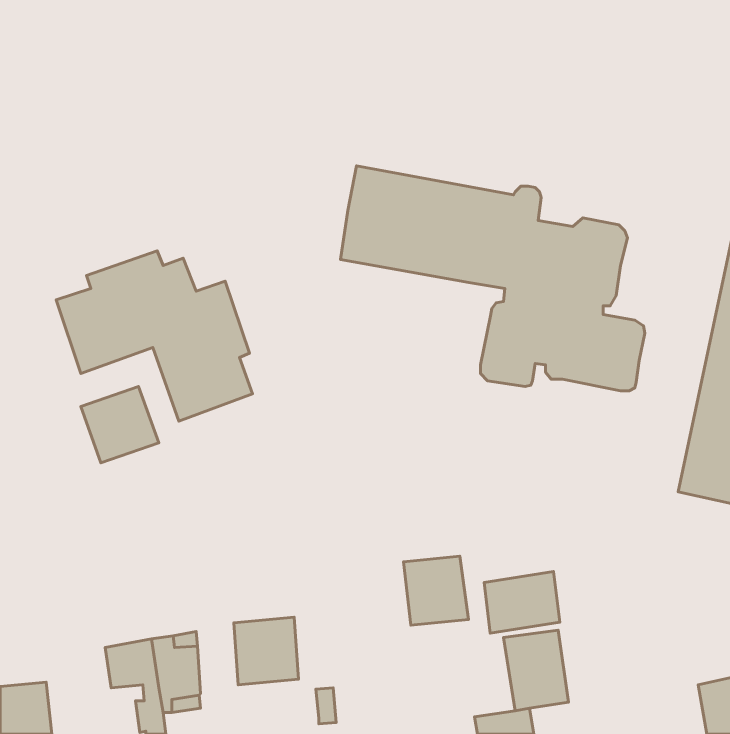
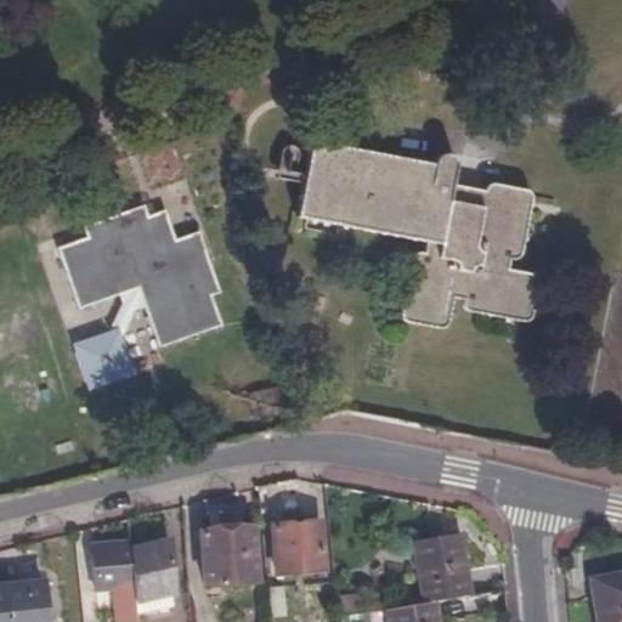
building: [404,556,469,625] -> [276,511,330,570]
building: [484,571,560,633] -> none

